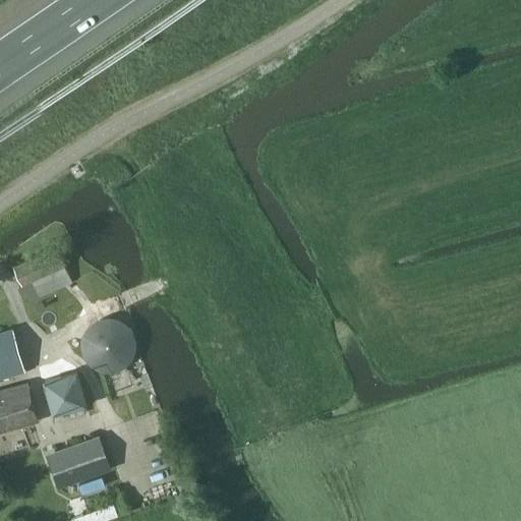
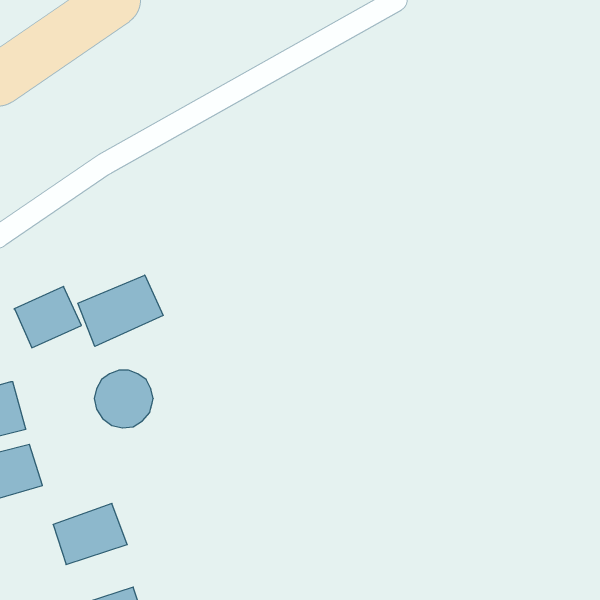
building: none -> [78,275,163,346]
building: [42,373,88,417] -> none

